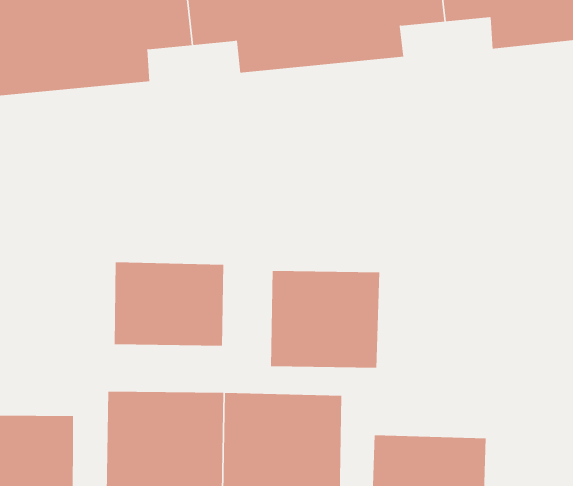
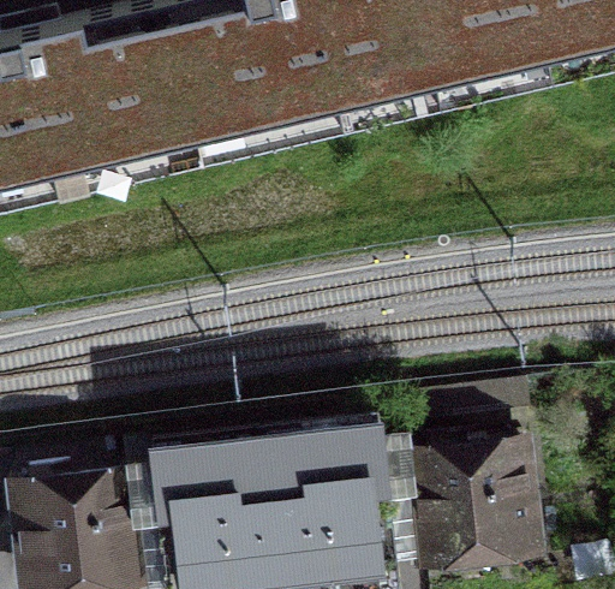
building: [114,262,224,347] -> none
building: [270,270,380,369] -> none

